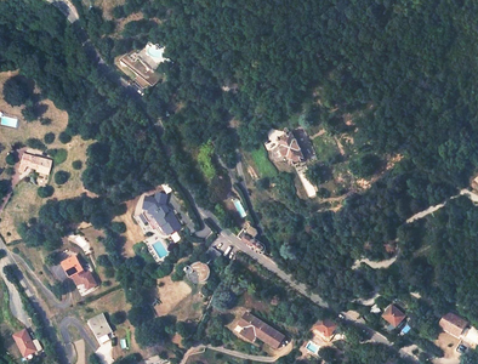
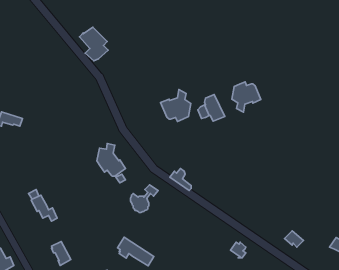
building: none -> [232,82,261,112]
building: none -> [161,90,191,121]
building: [237,311,283,347] -> [117,237,154,266]

